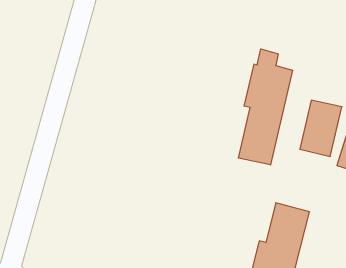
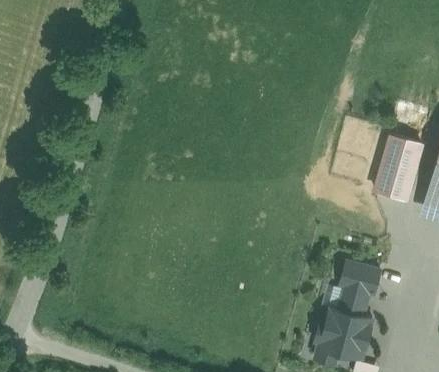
building: [238,49,293,165] -> none

